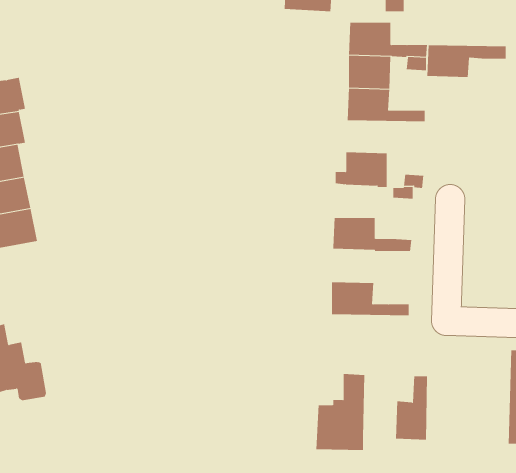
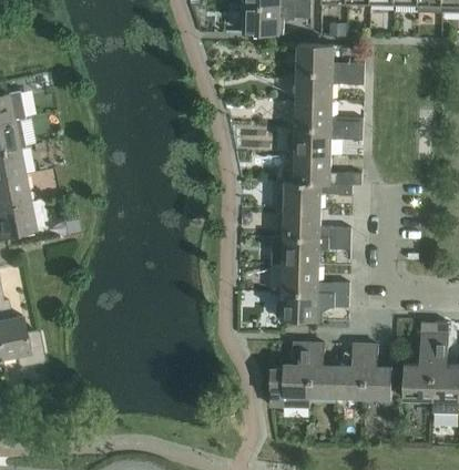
building: [427,45,507,78] -> [295,127,363,155]
building: none -> [285,181,322,210]
building: none -> [272,234,350,265]
building: none -> [277,292,349,320]
building: none -> [404,321,435,401]
building: none -> [310,343,338,397]
building: none -> [364,344,392,398]

